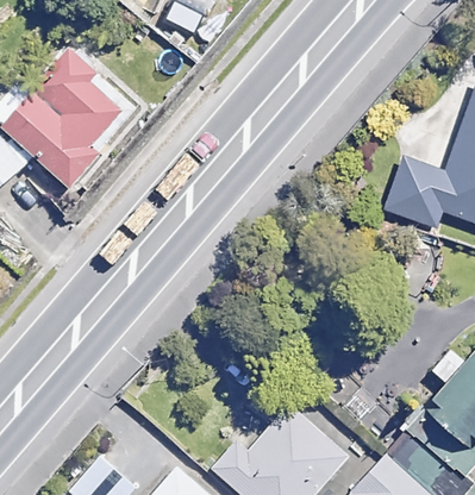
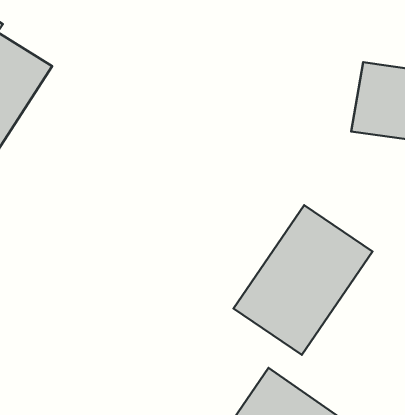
building: none -> [234,205,373,355]

